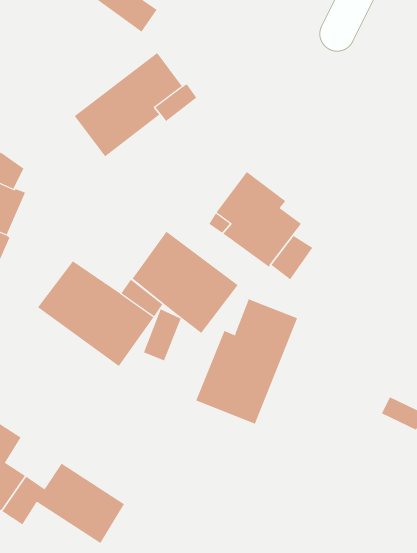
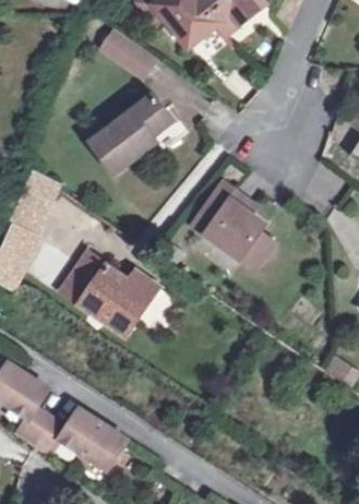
building: [132,231,239,334] -> none
building: [195,298,298,425] -> none

